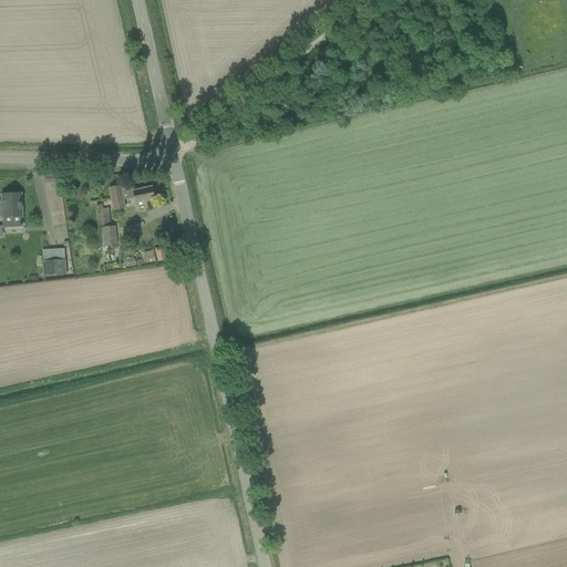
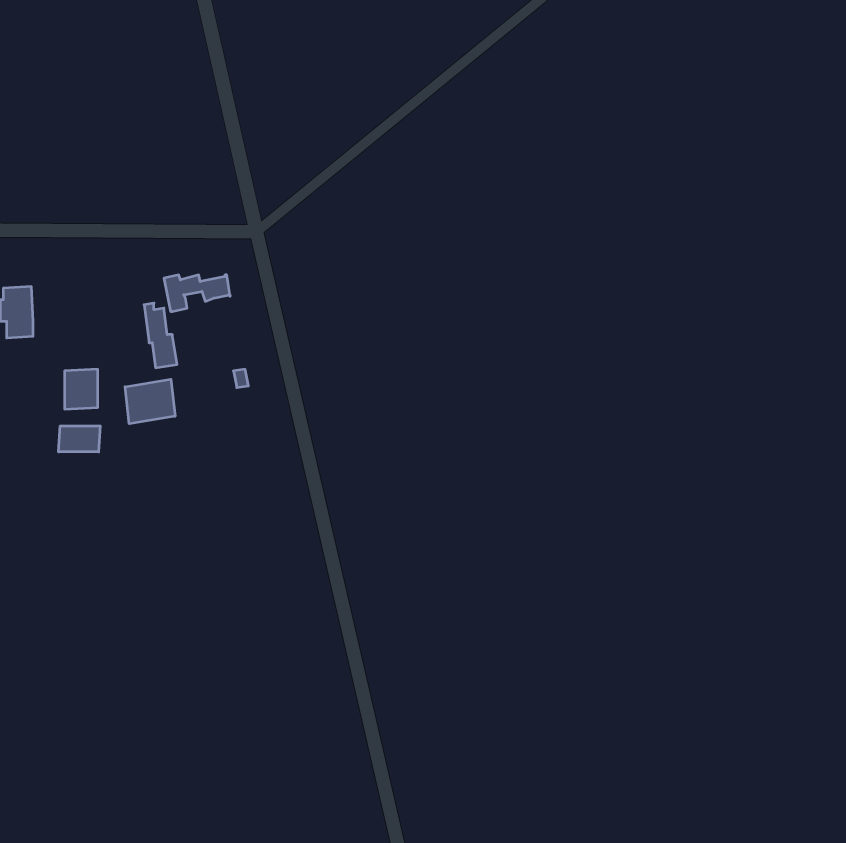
building: none -> [125,379,175,424]
building: none -> [59,426,100,452]

